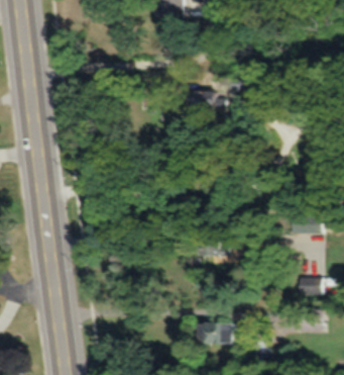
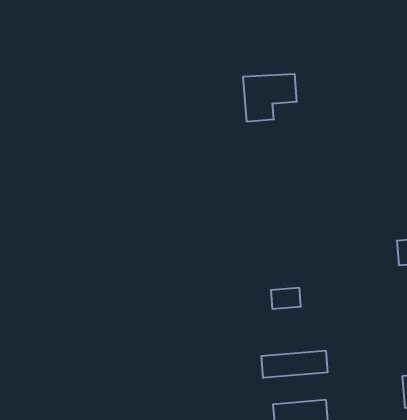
building: none -> [261,351,328,378]

